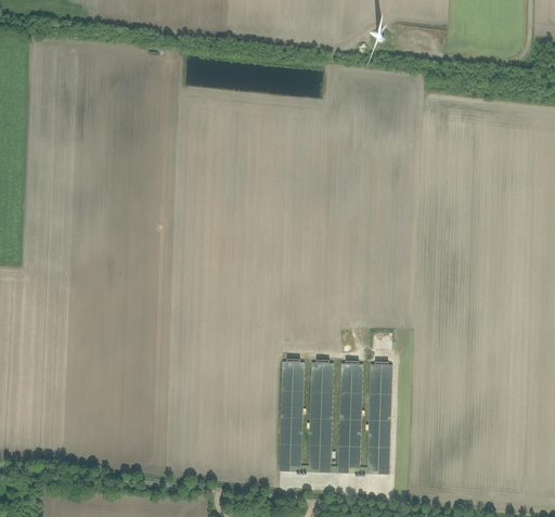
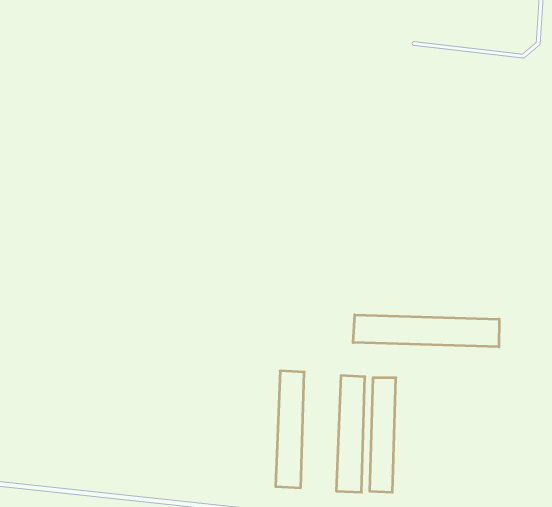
building: none -> [353,315,499,347]
building: [309,360,334,468] -> none

